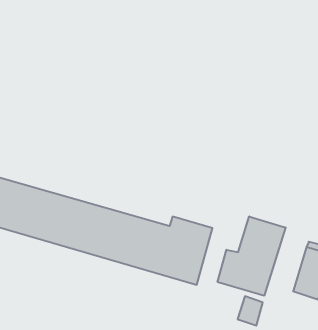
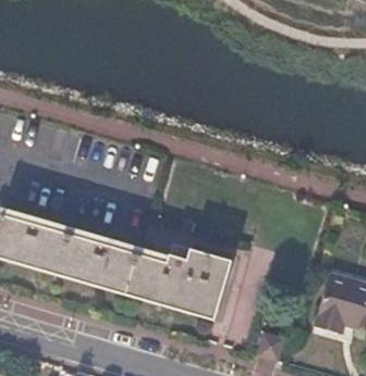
building: [218,216,286,296] -> none

